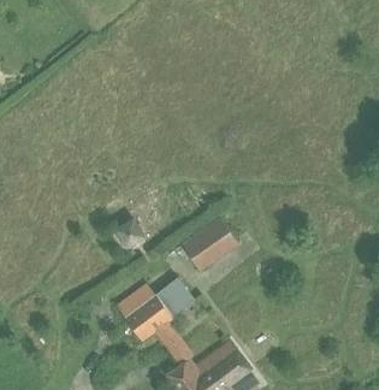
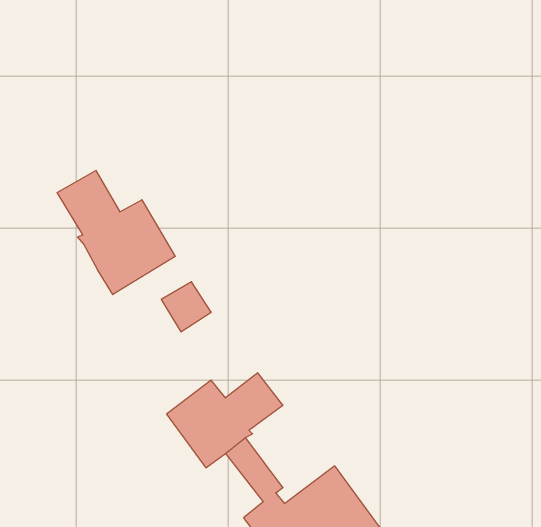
building: none -> [57,170,175,295]
building: [179,217,238,271] -> none

